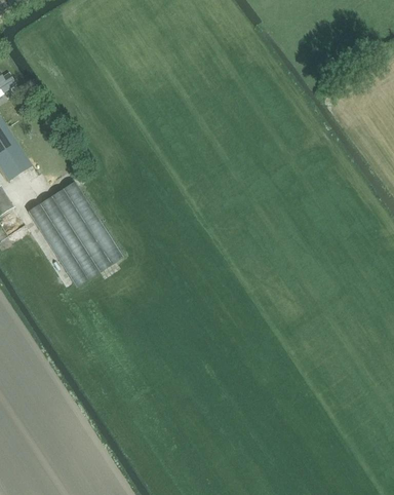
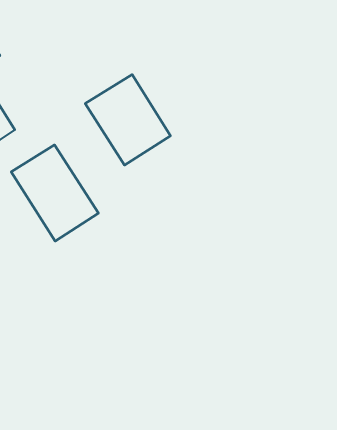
building: none -> [85,74,171,165]

